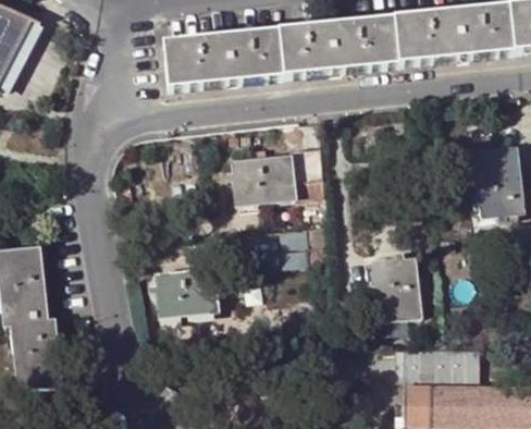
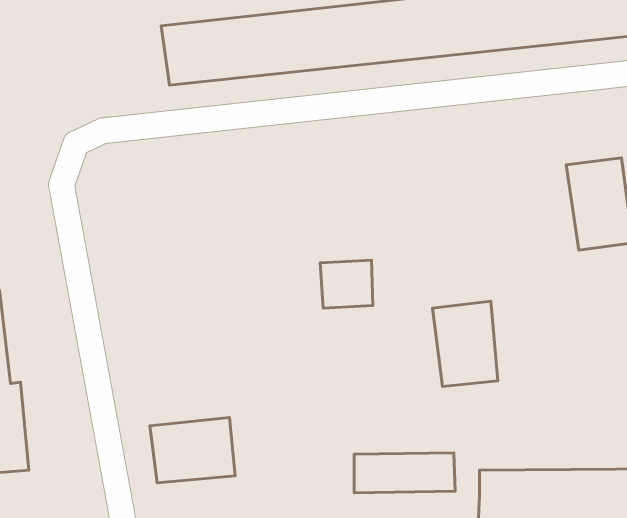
building: [231,144,329,205] -> none
building: [152,266,218,316] -> [150,417,235,483]
building: [406,344,483,375] -> [354,453,455,493]

